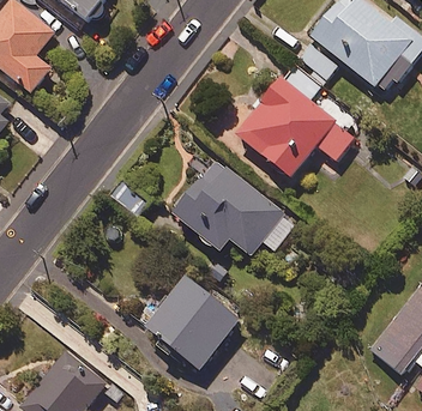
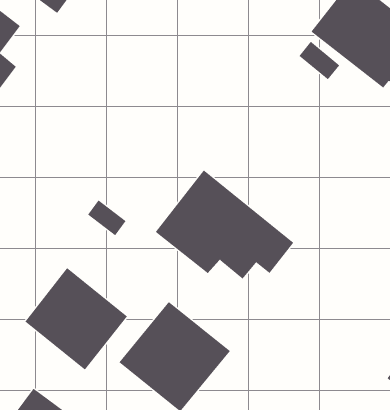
building: [235,62,355,177] -> none
building: none -> [24,267,128,371]

